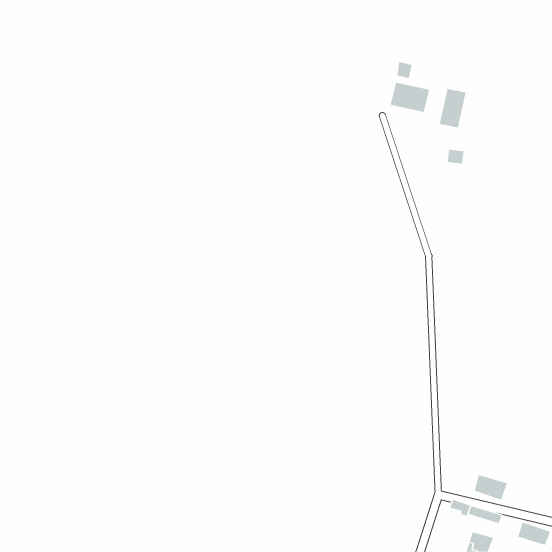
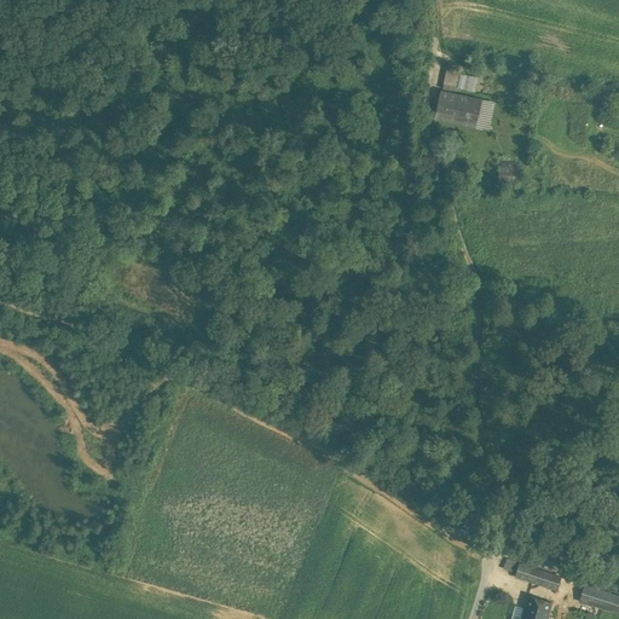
building: [439,88,466,128] -> none
building: [474,474,508,501] -> none

